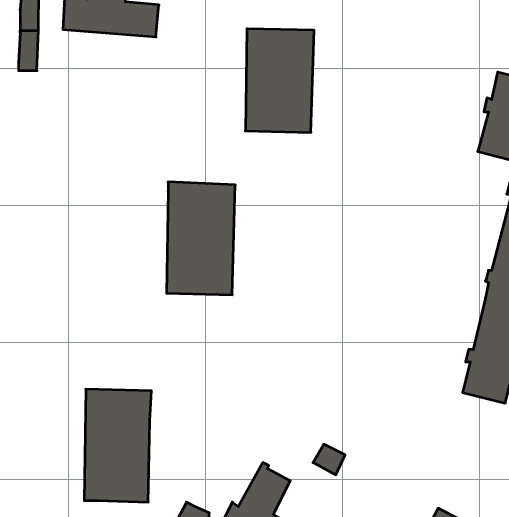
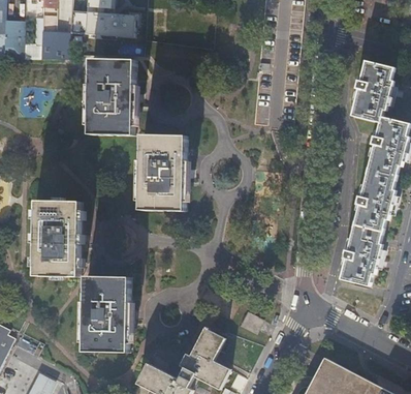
building: [245,29,314,132] -> [90,66,136,137]
building: none -> [53,33,70,60]
building: none -> [34,201,81,277]

